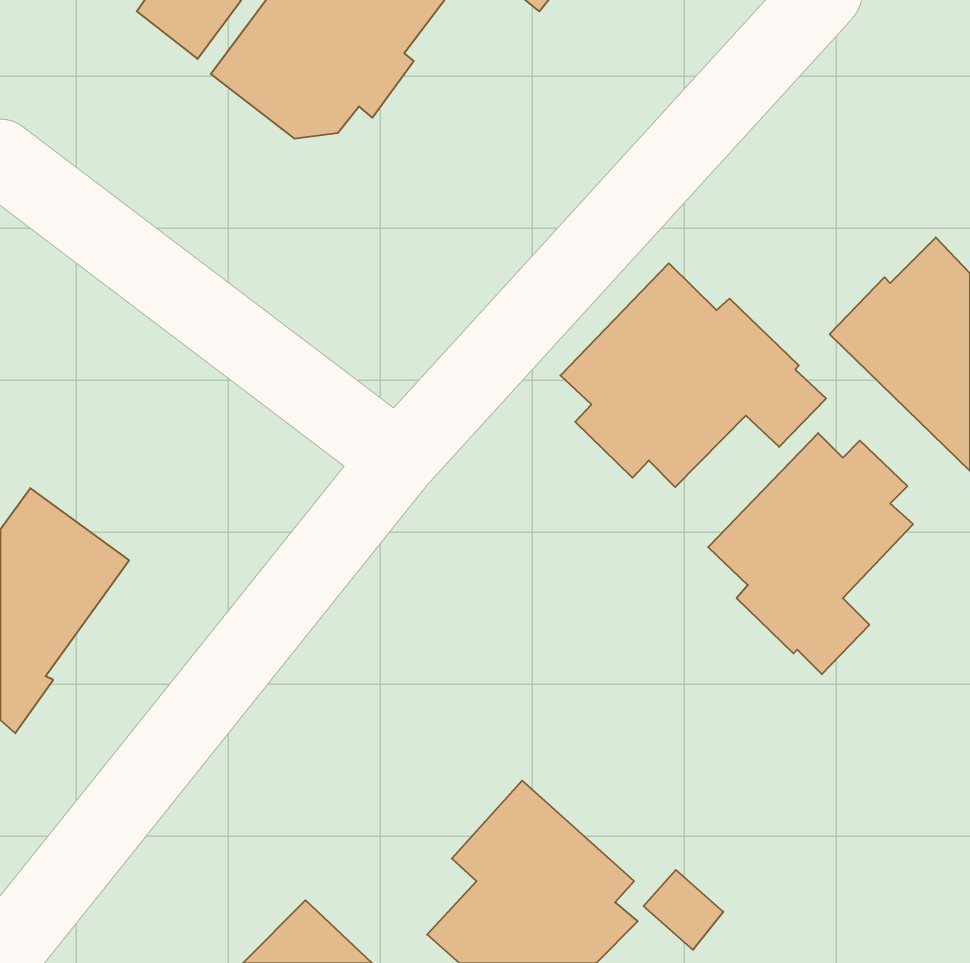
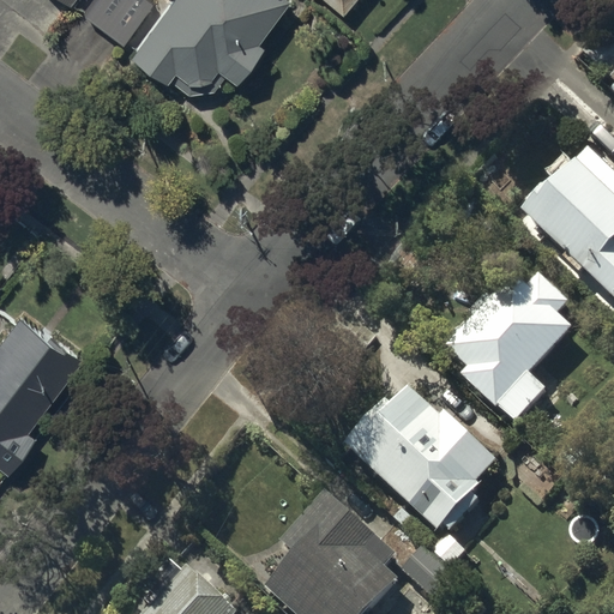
building: [560,263,826,487] -> none
building: none -> [347,390,499,550]

